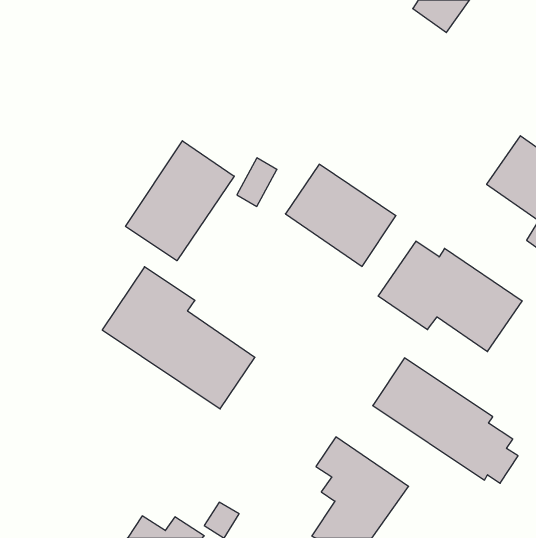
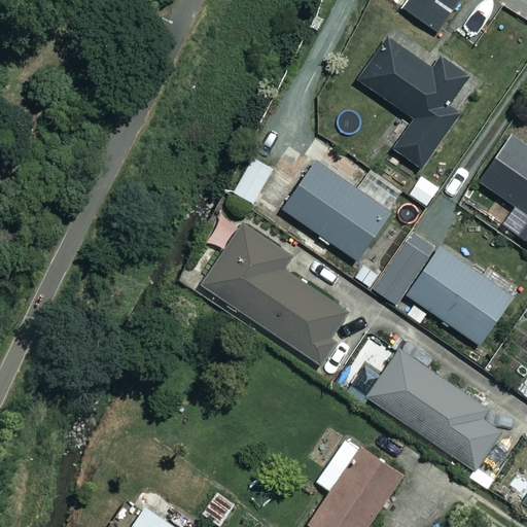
building: none -> [358,38,468,168]
building: [126,141,234,261] -> none
building: [102,267,255,409] -> [201,222,350,361]

